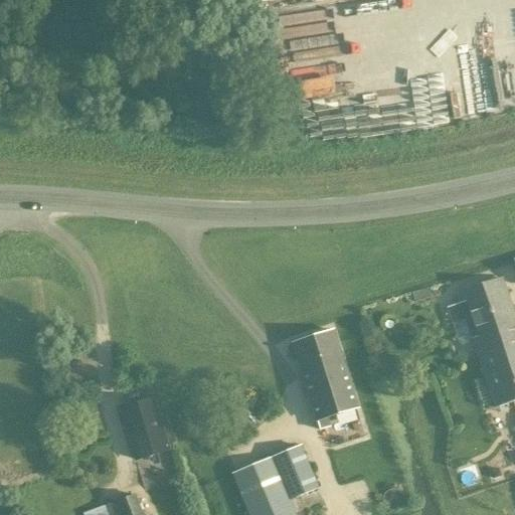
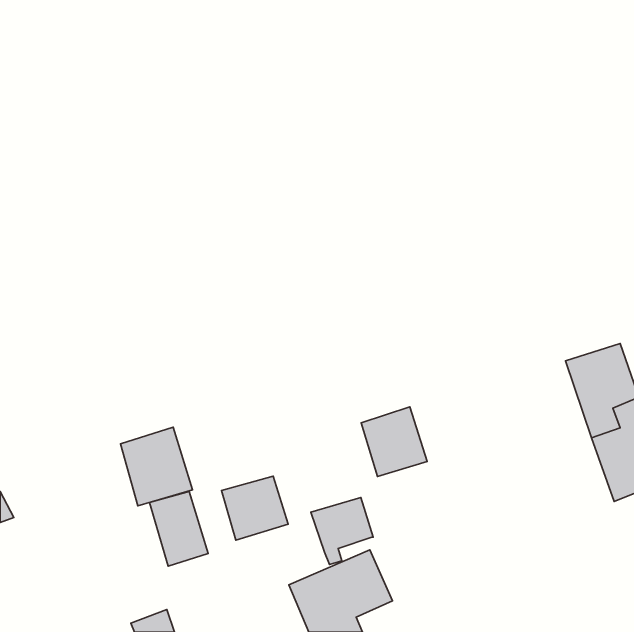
building: none -> [120,427,192,506]
building: [307,373,357,427] -> [311,497,373,565]
building: none -> [221,476,288,540]

